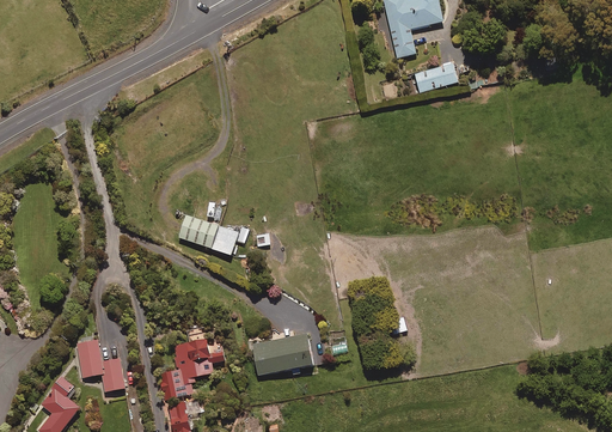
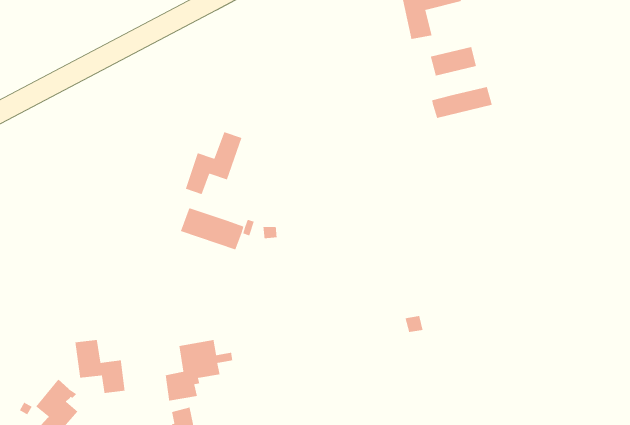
building: none -> [431,86,493,119]
building: none -> [185,131,243,195]
building: [252,335,312,375] -> none

